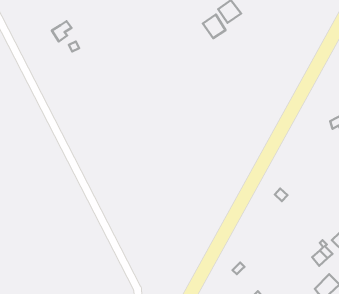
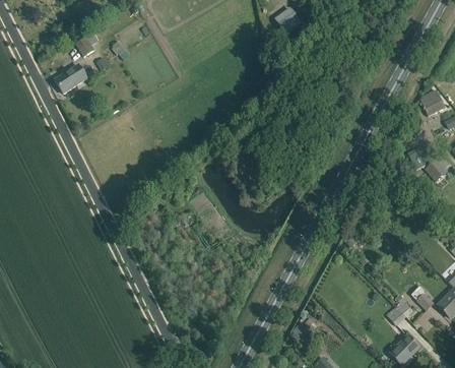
building: [203,15,226,38] -> none
building: none -> [55,65,86,91]

